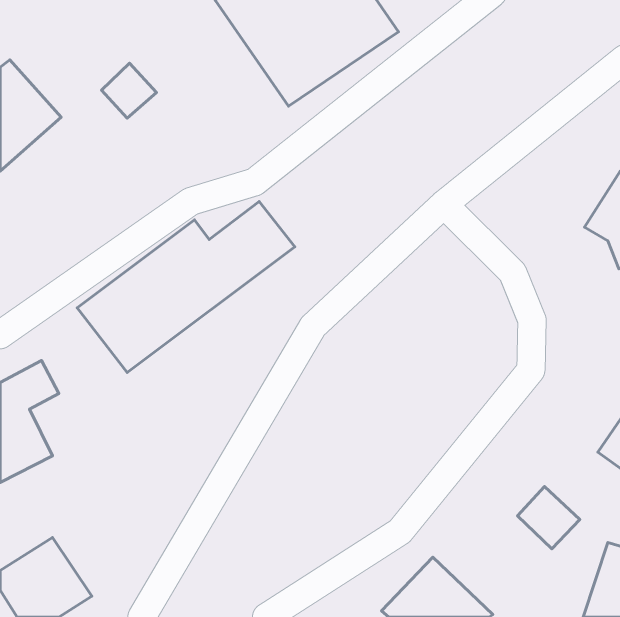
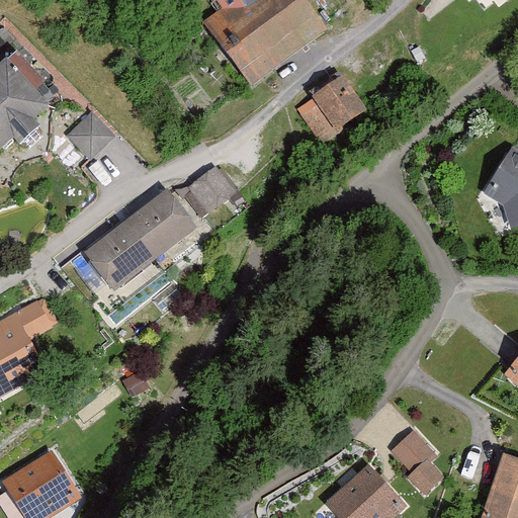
building: [102,63,157,118] -> [73,106,118,152]
building: none -> [293,78,367,148]
building: [518,486,580,549] -> [387,430,439,482]

